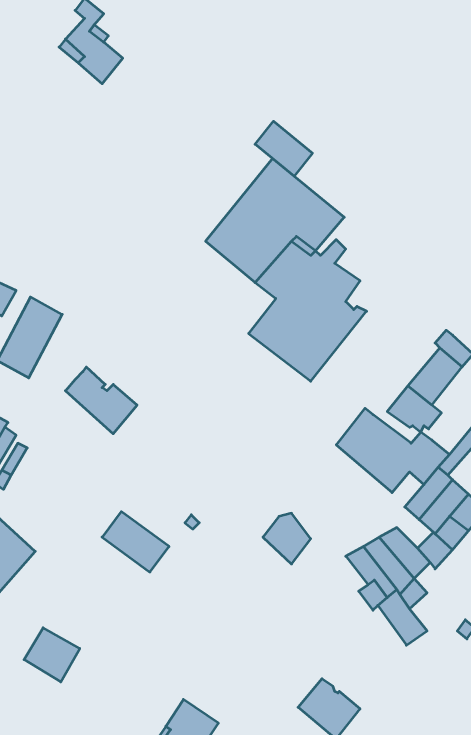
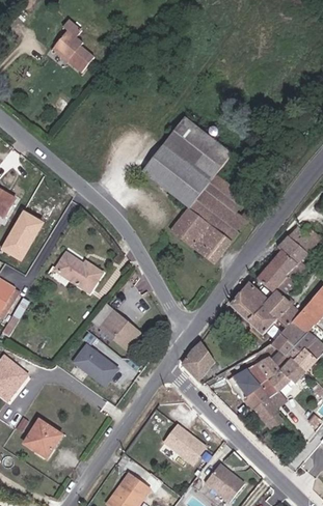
building: [255,121,312,176] -> none
building: none -> [87,306,136,353]
building: none -> [165,420,207,459]

